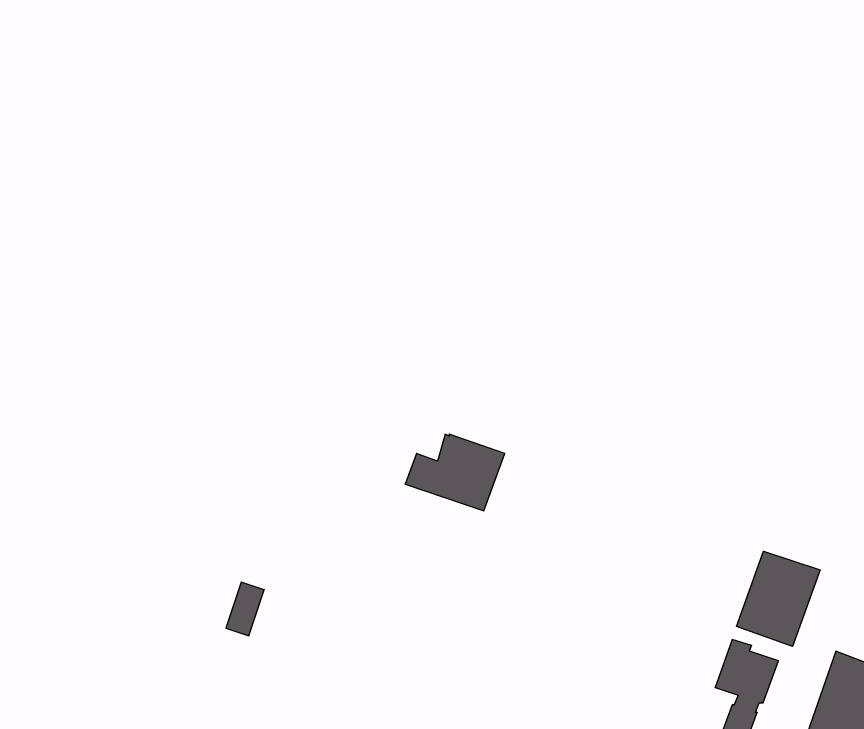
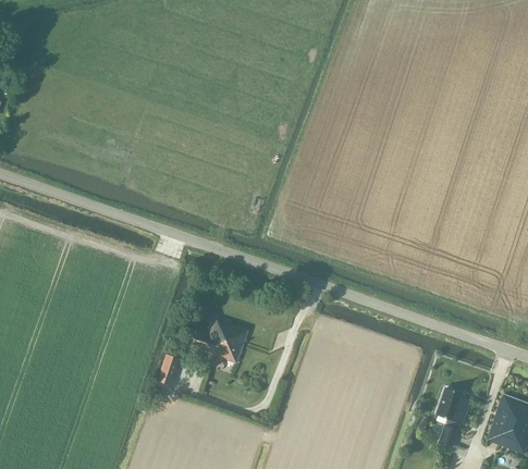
building: [405,434,505,511] -> [192,320,248,363]
building: [737,551,820,646] -> none

